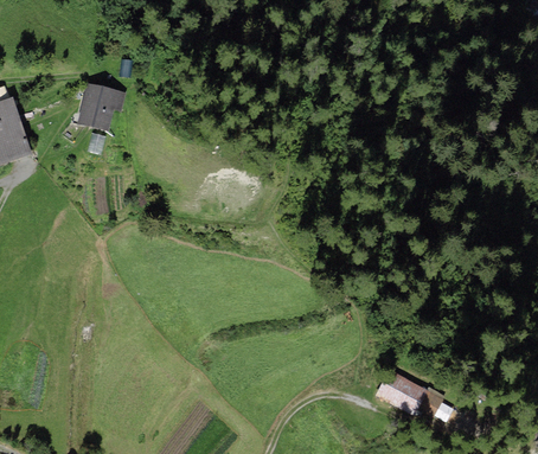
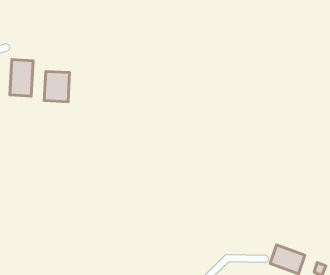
building: none -> [44,71,70,102]

